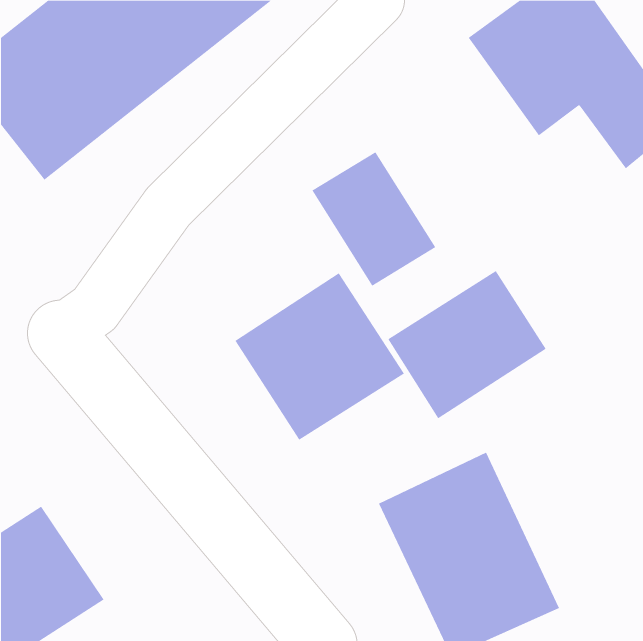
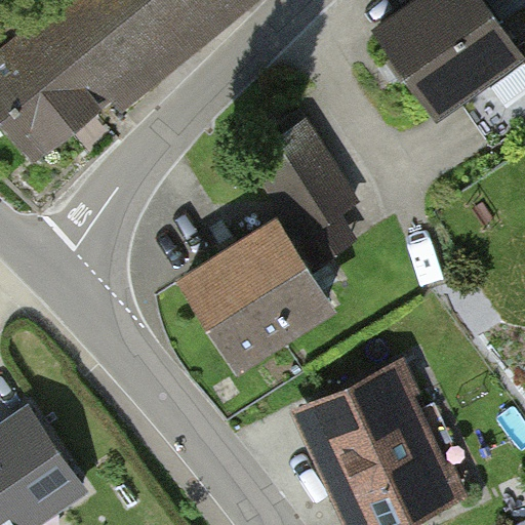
building: [387,270,546,419] -> none

